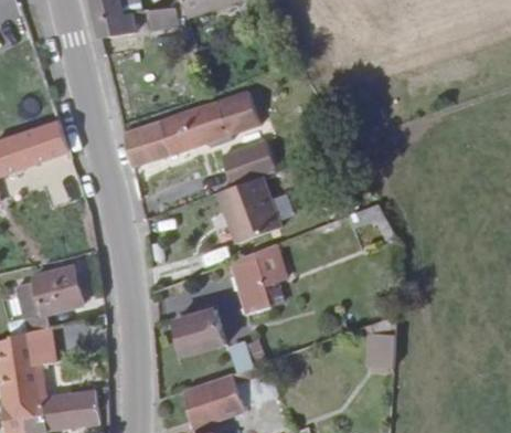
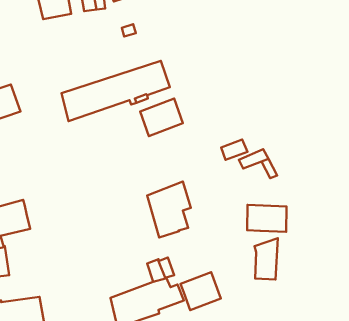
building: [216,176,280,243] -> none
building: none -> [247,205,287,232]
building: [173,308,224,356] -> none
building: none -> [181,272,221,310]

